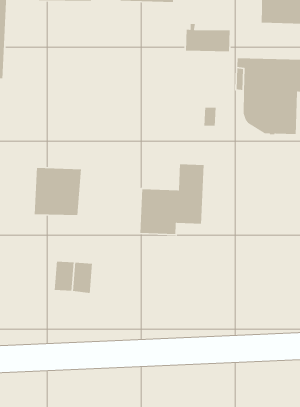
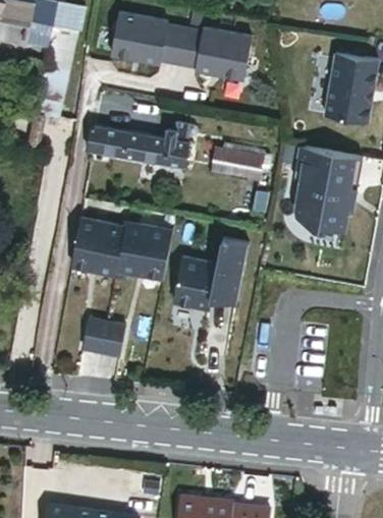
building: [185,23,230,52] -> [216,141,265,177]
building: none -> [90,123,191,165]
building: none -> [113,227,170,283]

